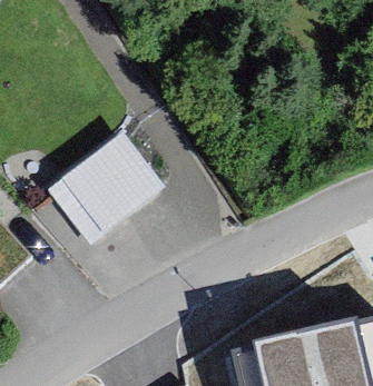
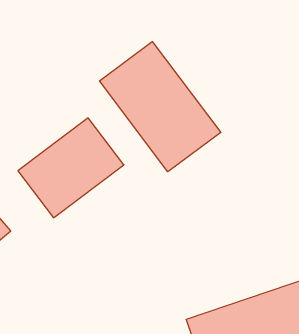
building: none -> [99,42,221,172]

